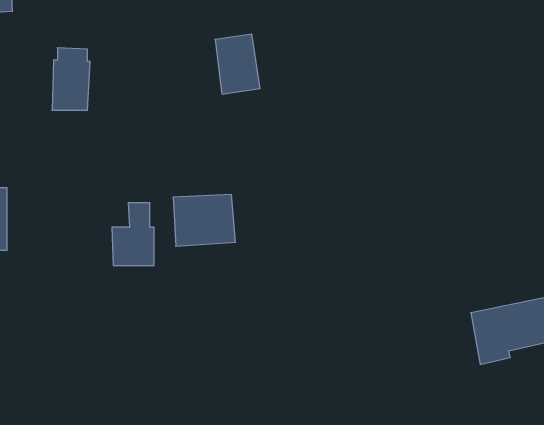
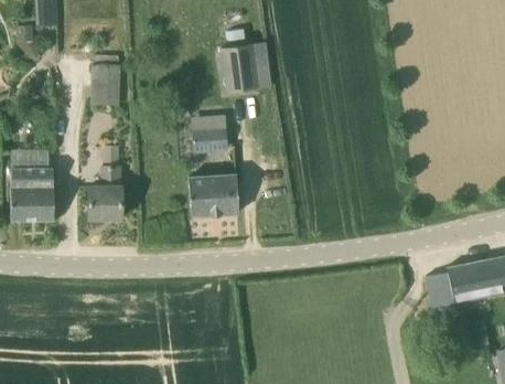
building: none -> [191,128,226,151]
building: [112,203,154,265] -> [87,167,121,217]

